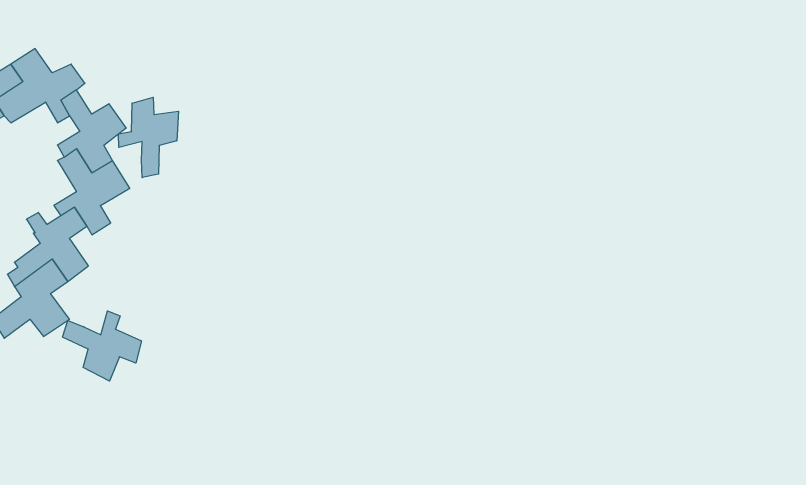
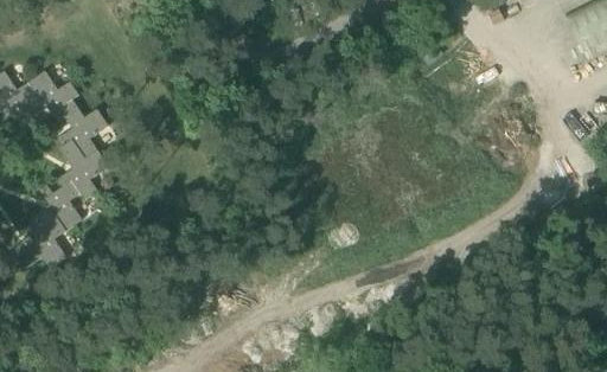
building: [119,97,179,178] -> none
building: [62,311,141,381] -> none

